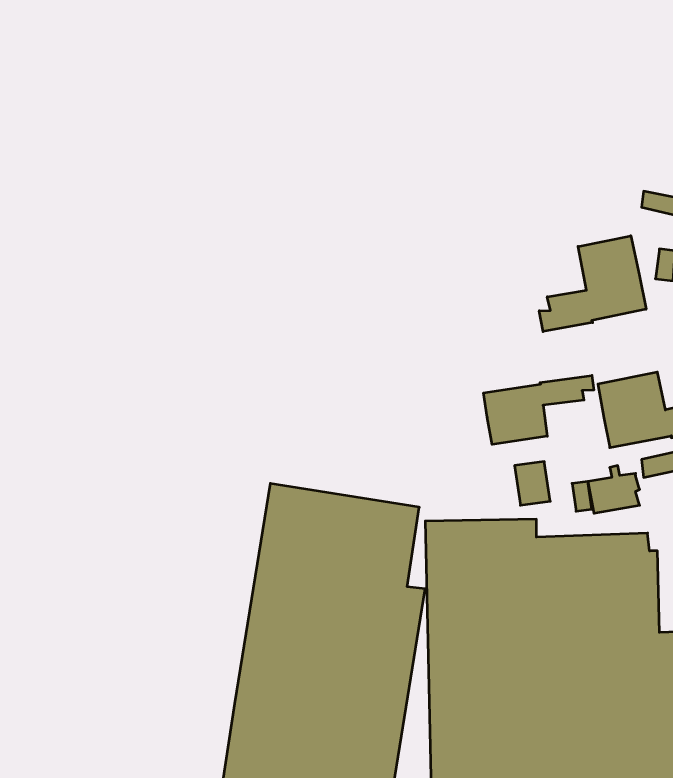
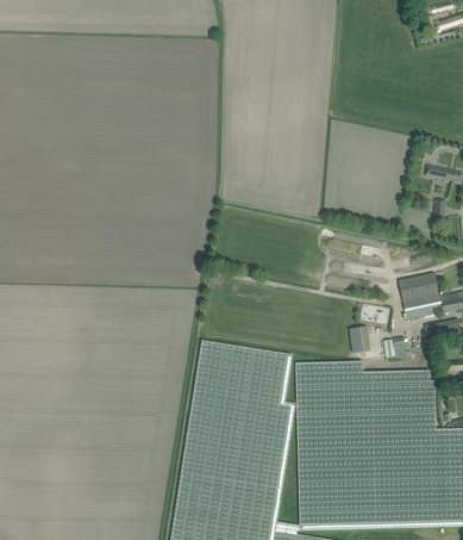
building: [539,236,646,332] -> none
building: [484,375,594,444] -> none

